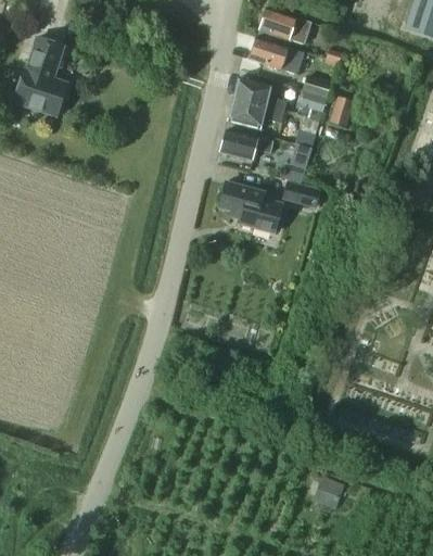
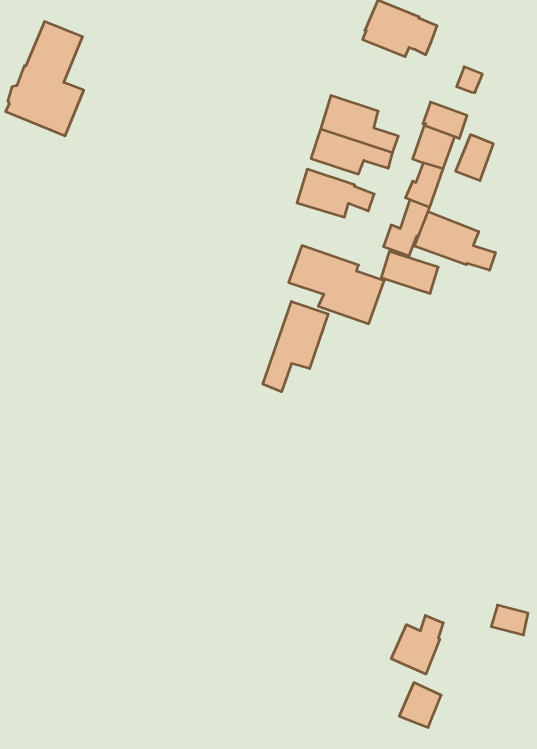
building: [250,36,305,74] -> none
building: none -> [415,211,495,270]
building: none -> [263,301,328,392]
building: none -> [391,615,443,674]

